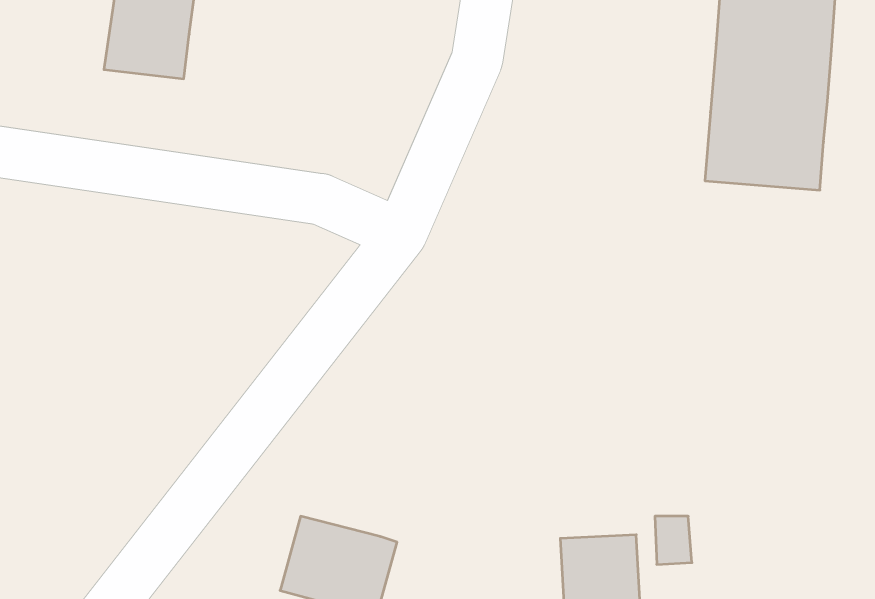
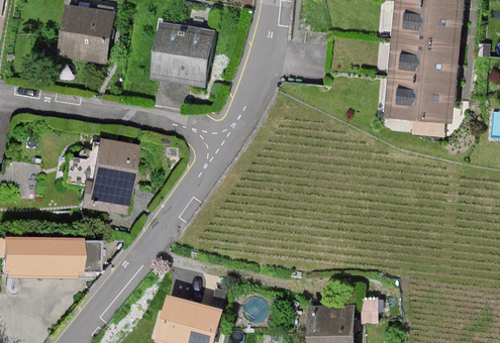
building: none -> [155,22,209,82]
building: none -> [85,141,136,212]
building: none -> [10,240,83,276]

